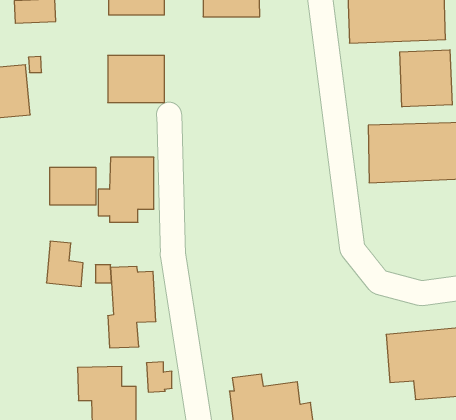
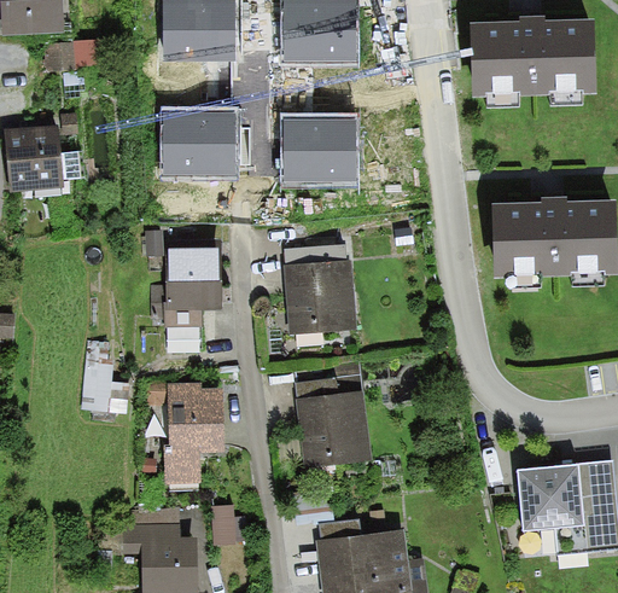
building: [400,50,452,107] -> none
building: none -> [281,118,354,182]
building: none -> [282,244,356,336]
building: [50,167,96,205] -> none
building: none -> [296,362,372,467]

